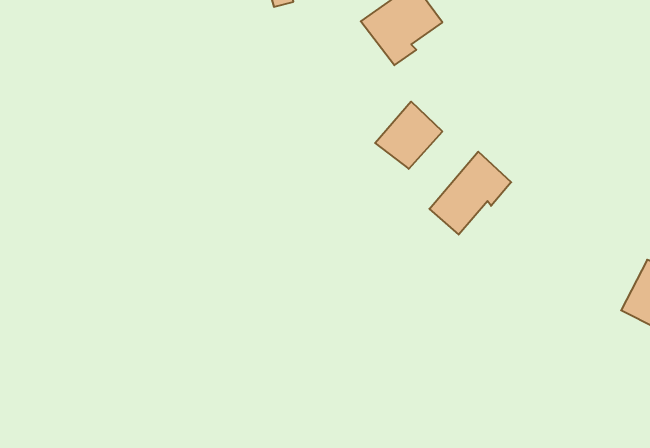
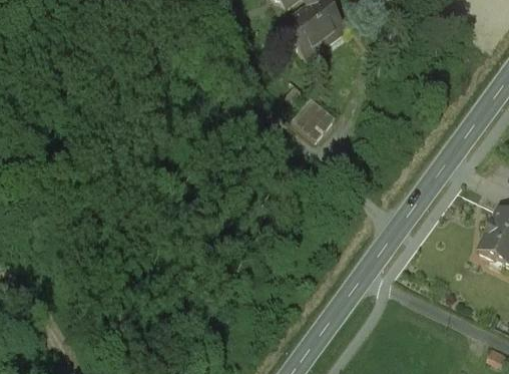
building: [429,152,511,235] -> none

